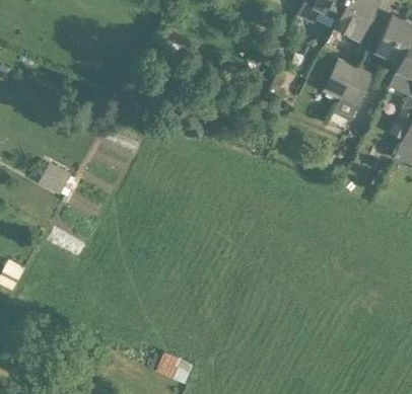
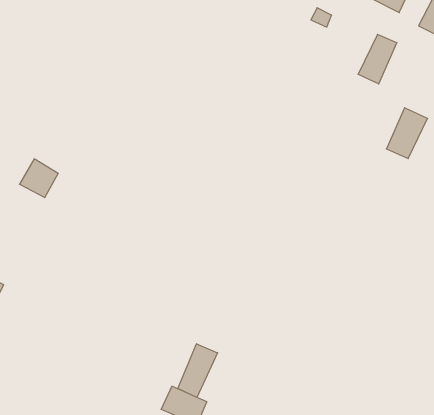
building: [338,66,372,108] -> [386,108,428,159]
building: none -> [178,344,218,397]

